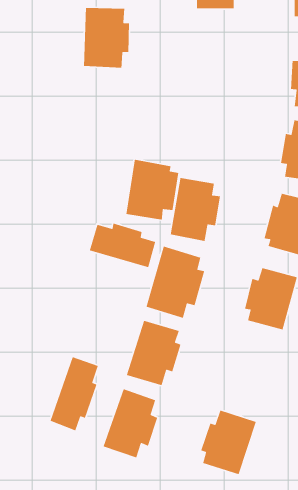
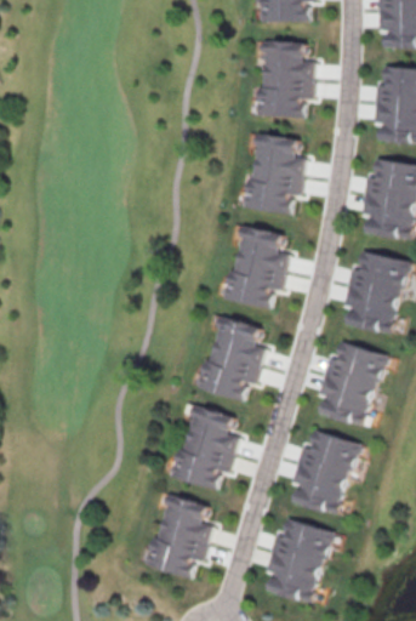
building: [83,7,130,69] -> [257,41,315,118]
building: [125,159,179,221] -> [241,138,308,215]
building: [89,222,156,268] -> none
building: none -> [292,427,359,509]
building: [50,356,99,432] -> none

